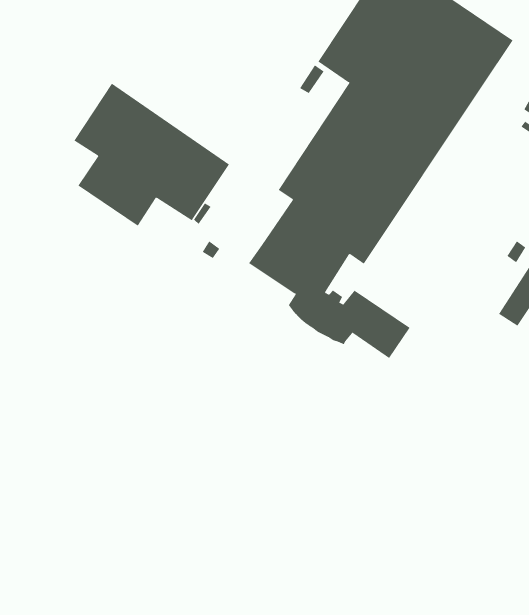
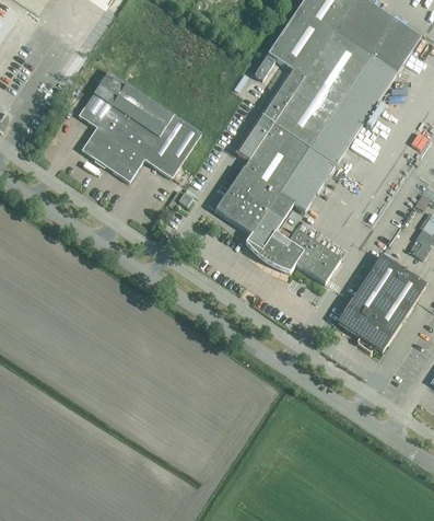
building: none -> [337,254,424,350]

